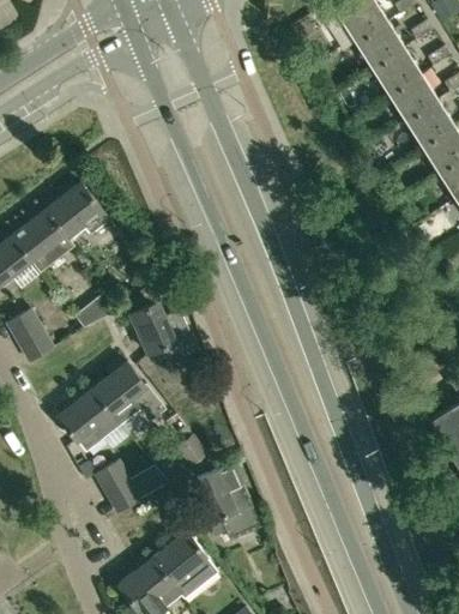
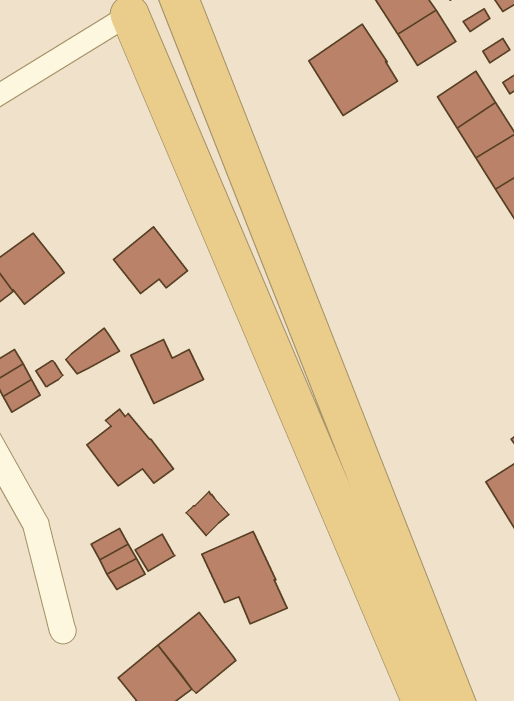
building: none -> [309,24,398,115]
building: [372,48,421,95] -> none
building: [47,182,109,239] -> [114,227,187,293]
building: [56,389,119,451] -> none

